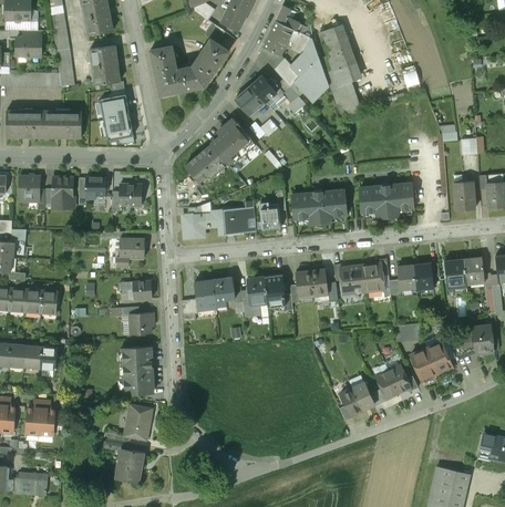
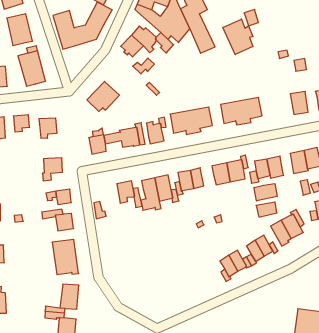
building: none -> [223,19,253,55]
building: [210,118,256,164] -> none
building: [195,280,216,308] -> none
building: none -> [254,184,277,201]

